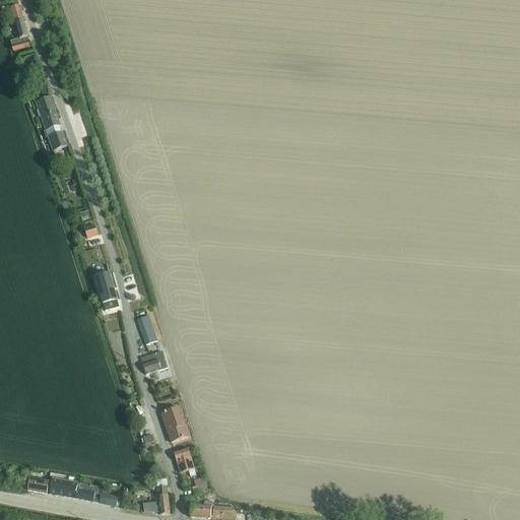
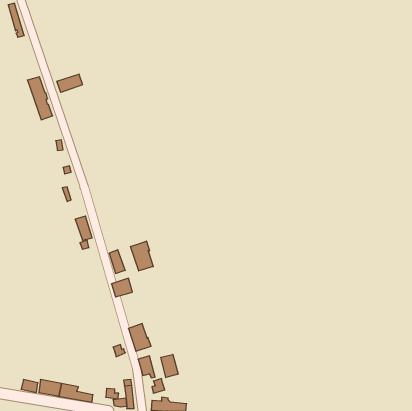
building: none -> [57,74,82,92]
building: none -> [131,241,153,271]
building: none -> [161,354,178,378]

